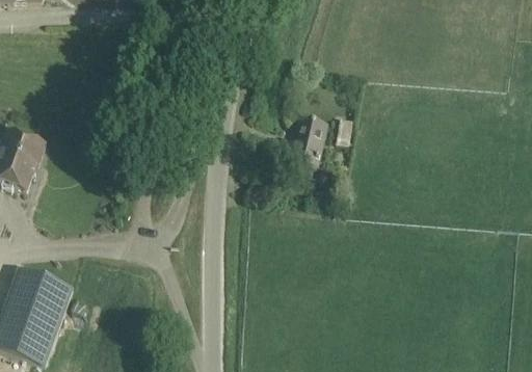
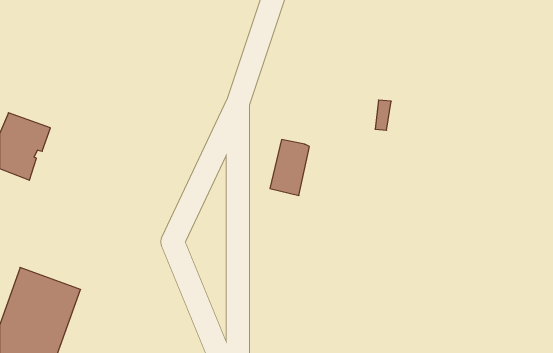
building: [291,115,326,165] -> [270,140,309,195]

